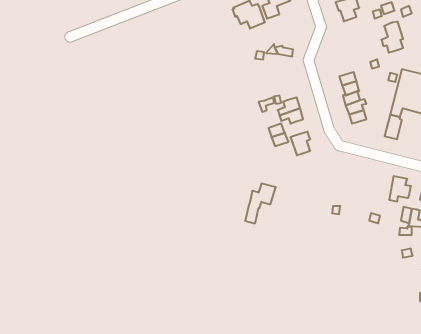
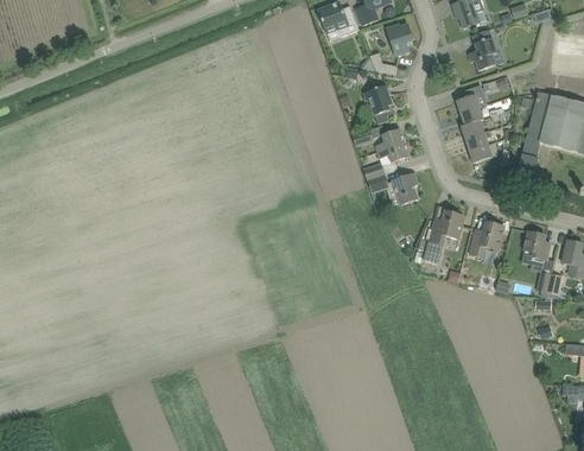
building: none -> [386,24,413,56]
building: [381,22,403,53] -> [468,30,496,70]
building: none -> [363,85,393,123]
building: none -> [470,221,504,256]
building: [245,184,276,223] -> [424,211,464,263]

